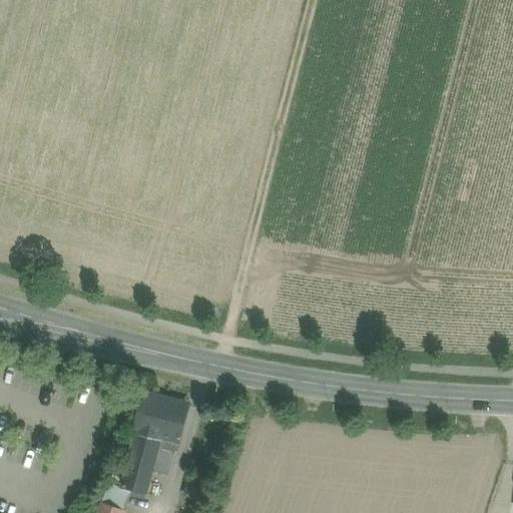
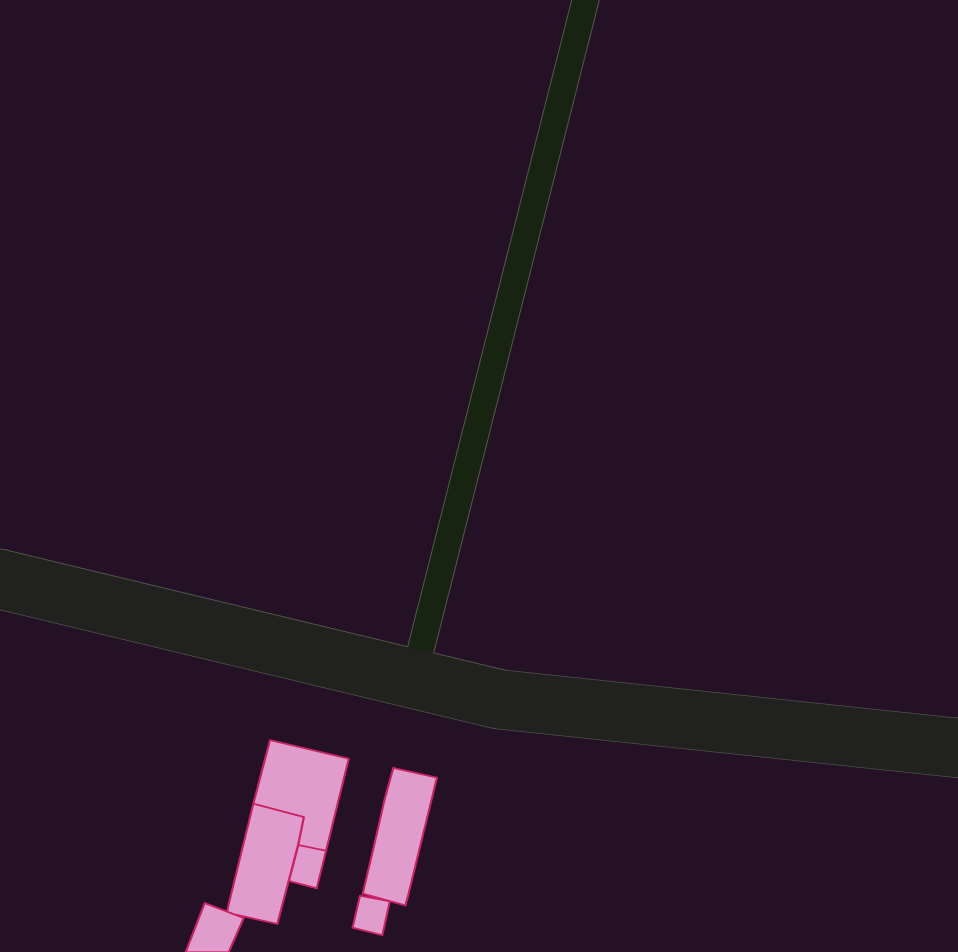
building: none -> [363,768,437,906]

